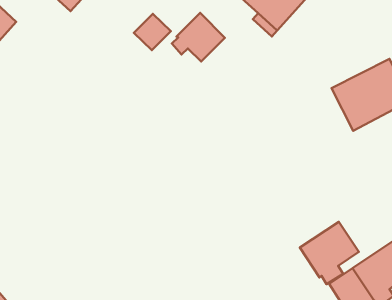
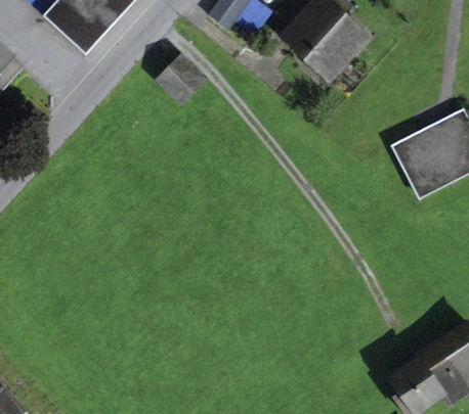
building: [172,13,225,61] -> none
building: [300,222,359,284] -> none

